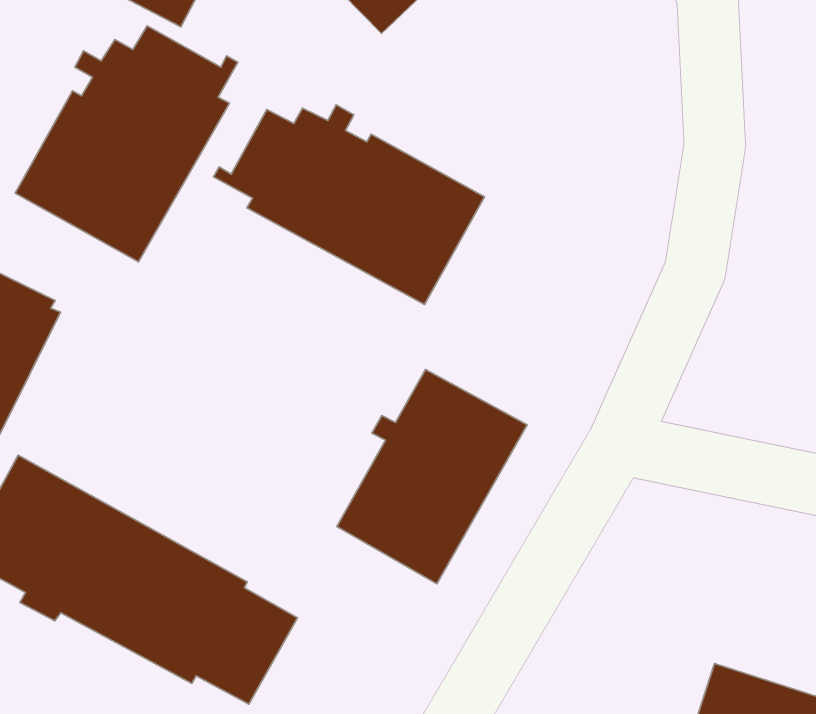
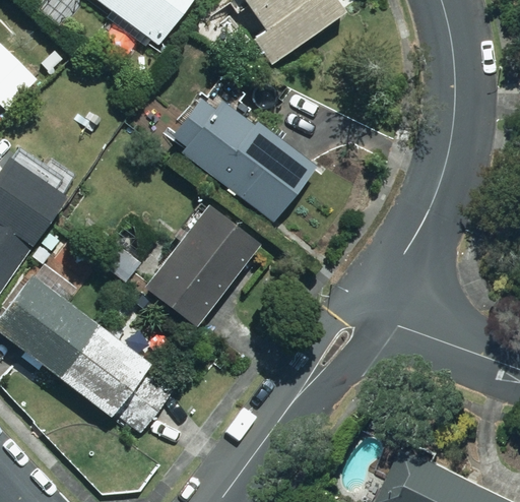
building: [15,26,238,262] -> none
building: [337,370,527,584] -> [144,204,260,326]

